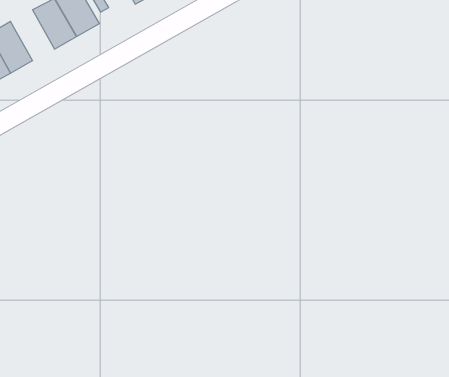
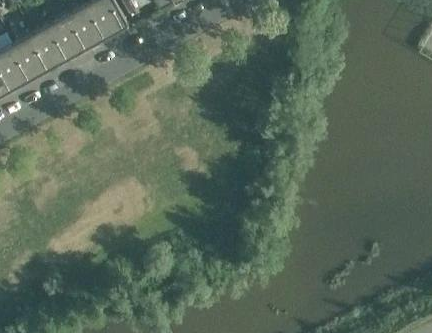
building: none -> [51,12,89,56]

